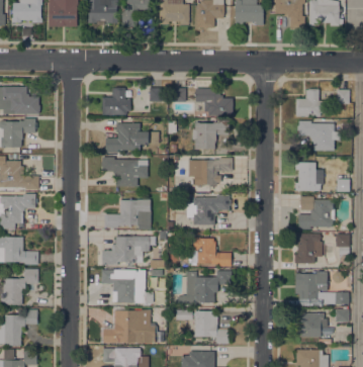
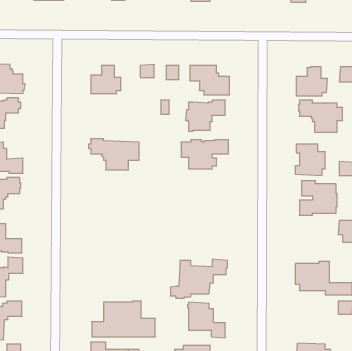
building: [105,122,159,152] -> none
building: [186,195,230,224] -> none
building: [104,198,151,228] -> none
building: [294,233,322,263] -> none
building: [101,236,155,265] -> none
building: [190,237,231,266] -> none
building: [101,269,153,302] -> none
building: [297,313,327,337] -> none

